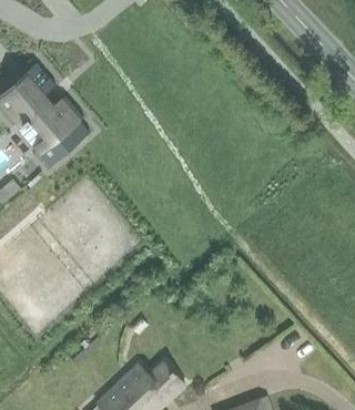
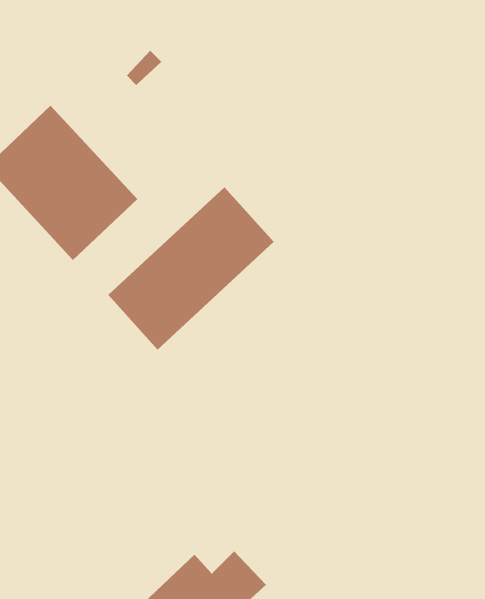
building: none -> [107,186,275,350]

